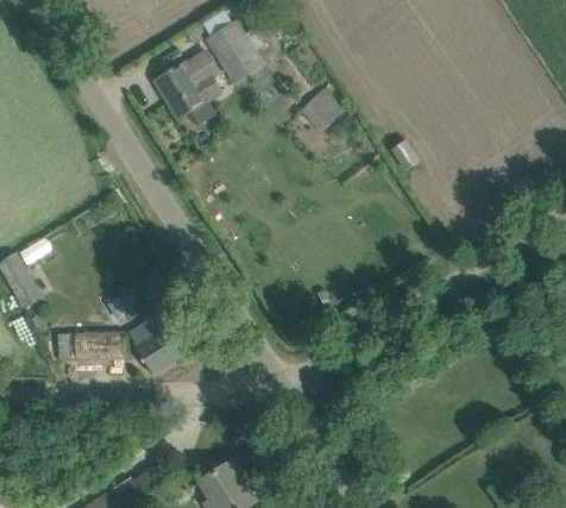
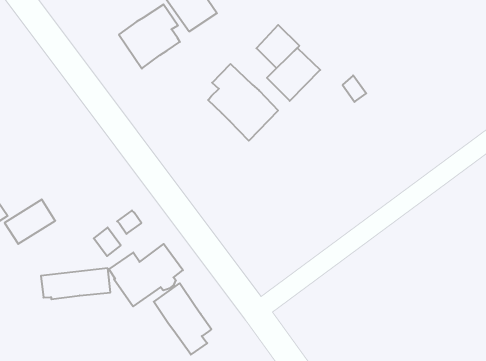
building: none -> [267,48,320,101]
building: none -> [208,64,278,141]
building: none -> [154,283,211,355]

